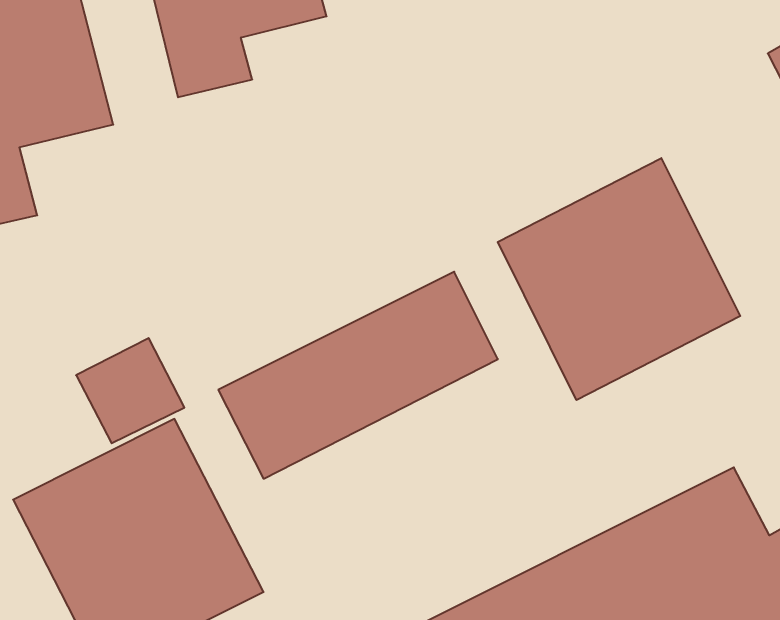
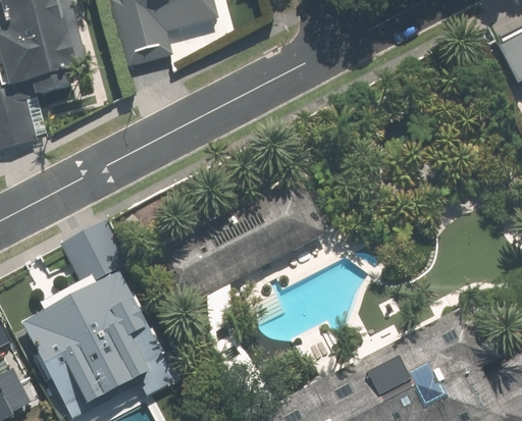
building: [498,158,740,400] -> none

